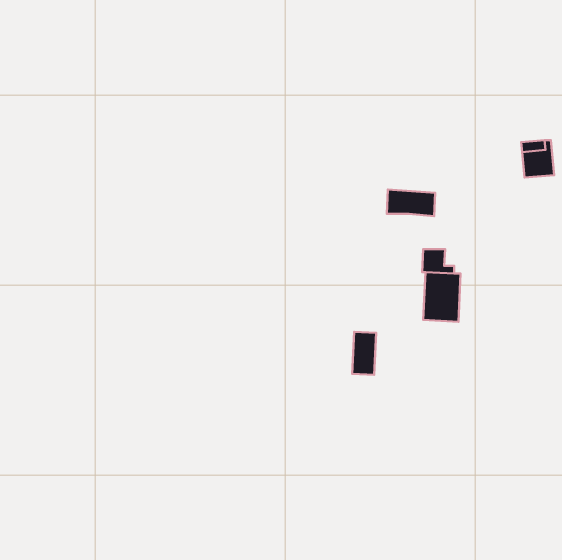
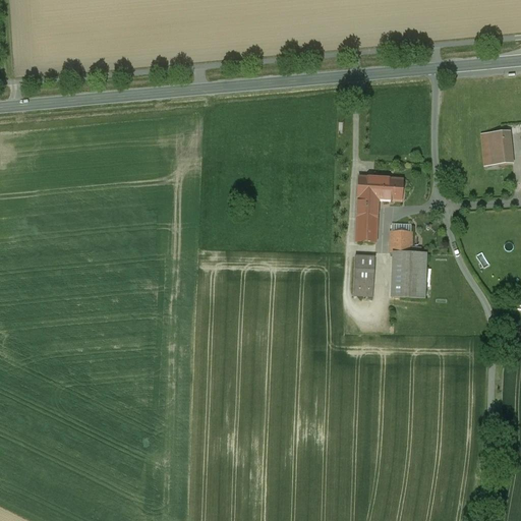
building: none -> [356,197,379,240]
building: [352,332,376,375] -> [353,255,375,295]

